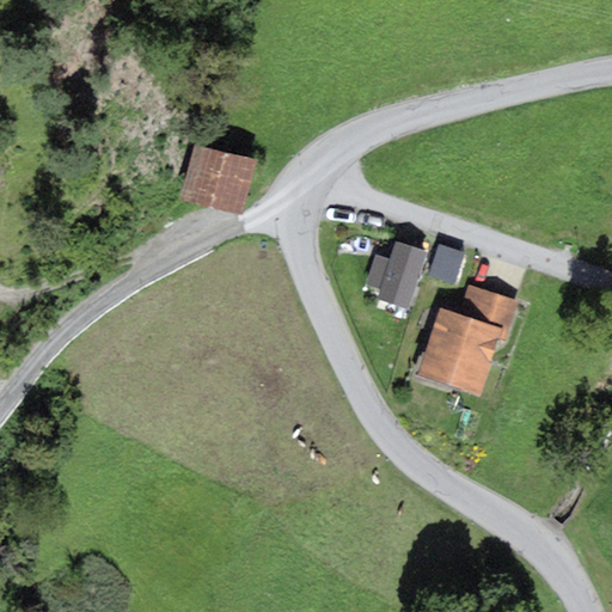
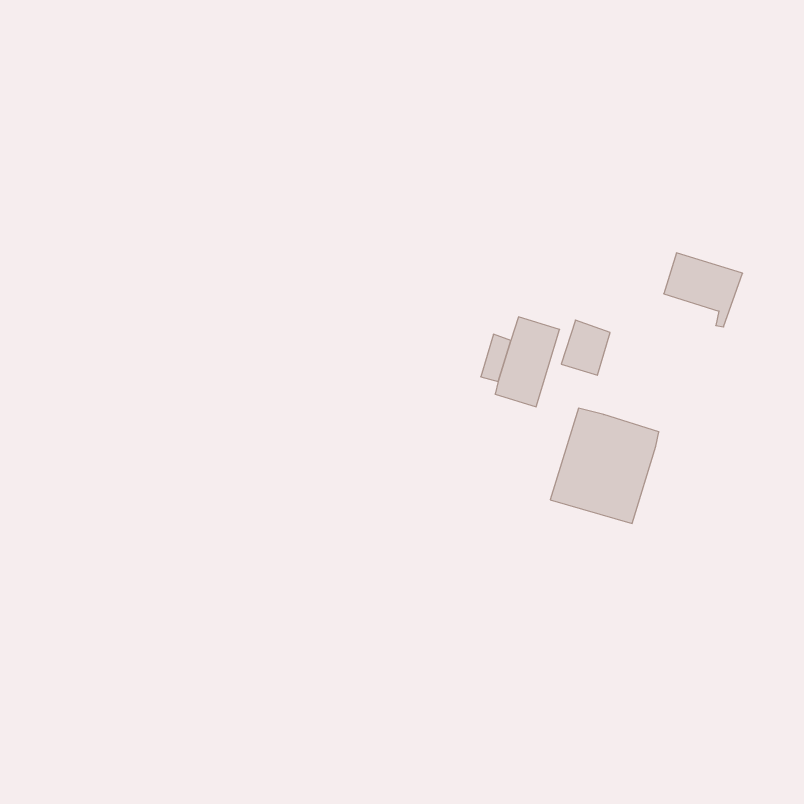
building: [186,145,256,213] -> none
building: [458,283,518,339] -> [664,253,743,327]

